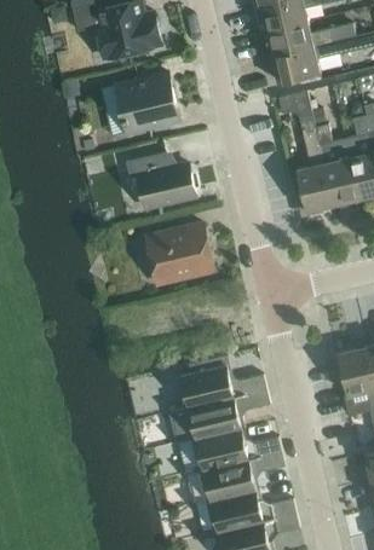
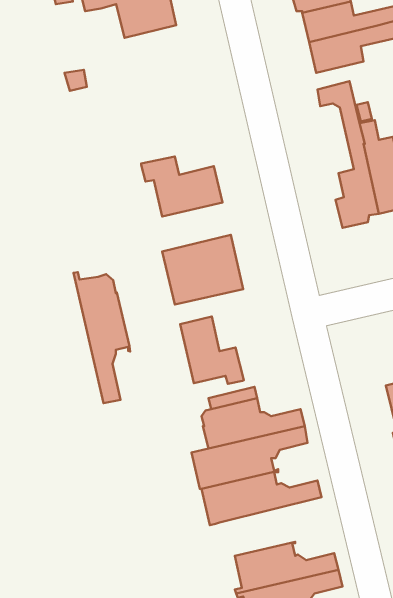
building: [117,77,176,129] -> none
building: none -> [73,272,130,403]
building: none -> [180,317,244,384]
building: [190,451,284,504] -> none

